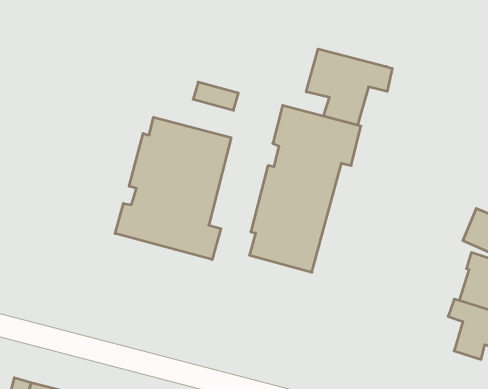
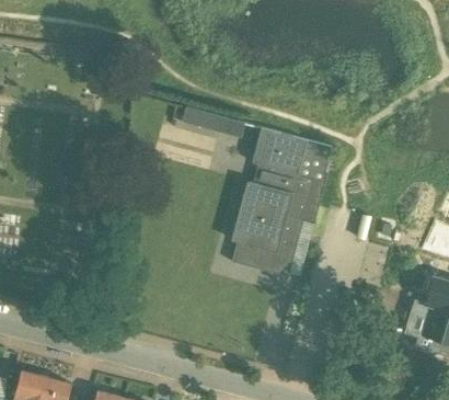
building: [306,49,392,125] -> none
building: [115,117,231,260] -> none

